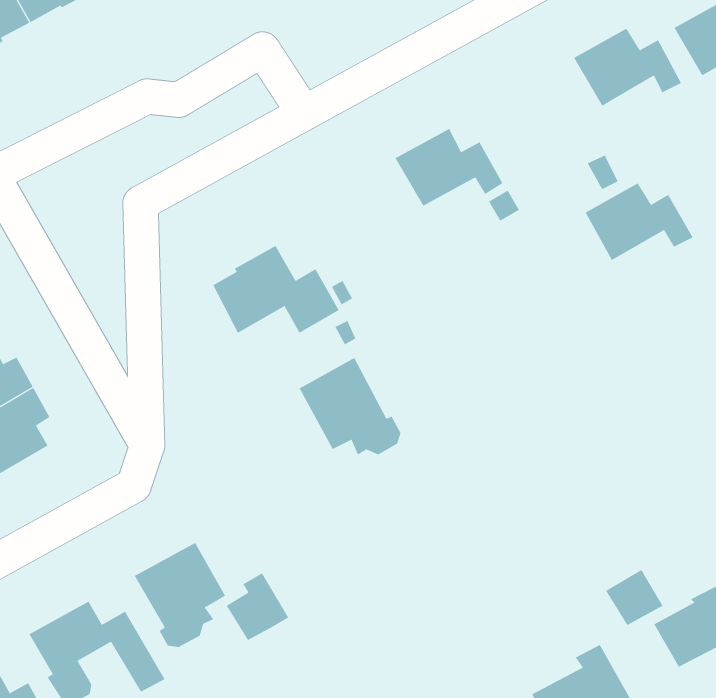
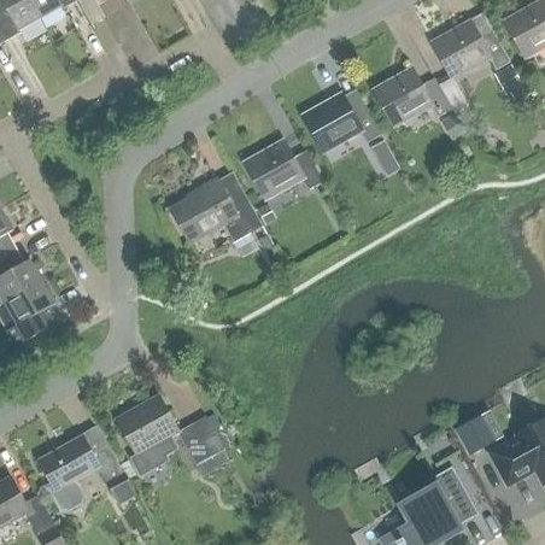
building: [585,182,693,261] -> [373,69,451,125]
building: none -> [244,141,322,198]
building: [299,357,401,456] -> none

